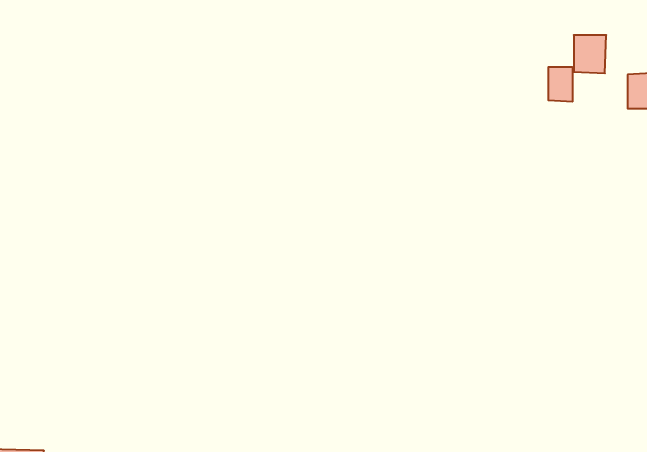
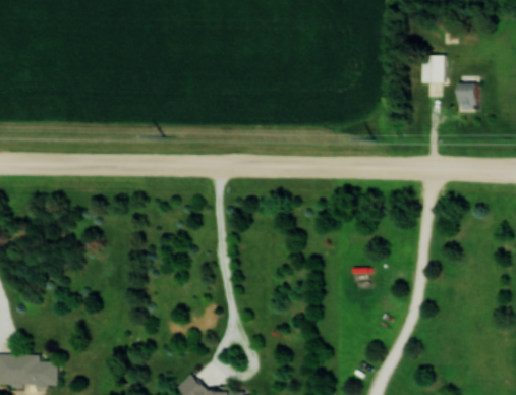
building: [548,67,572,102] -> none

